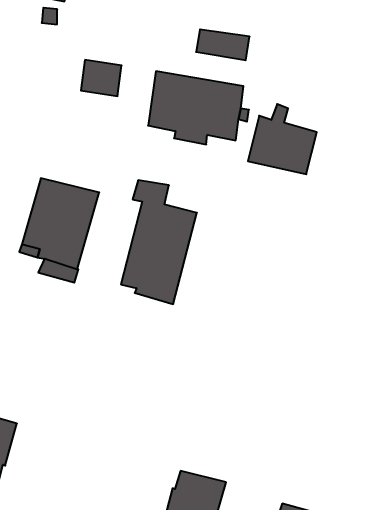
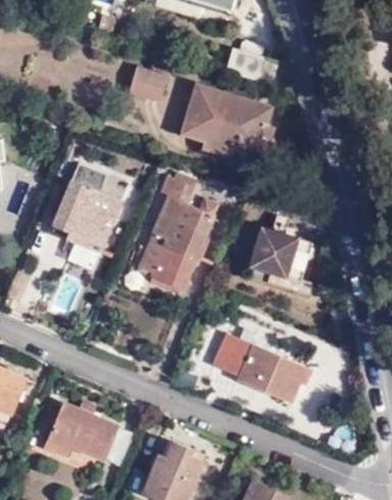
building: [248,104,317,174] -> [245,217,309,282]
building: none -> [219,334,308,404]
building: none -> [45,398,120,457]

